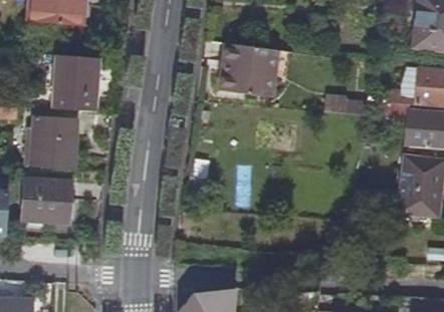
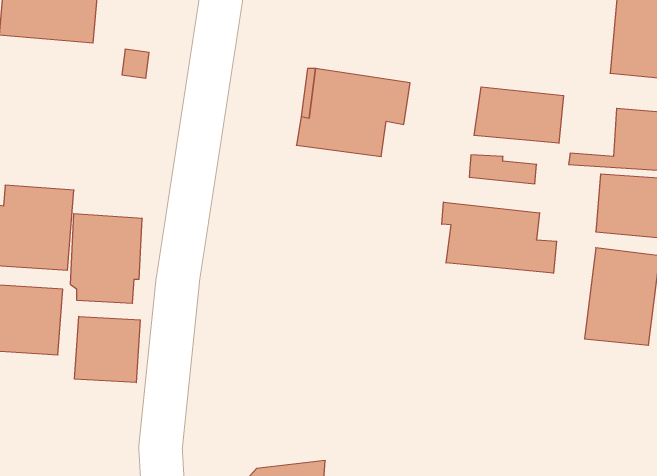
building: none -> [474,87,564,143]
building: [53,55,98,111] -> [70,214,142,303]
building: none -> [442,202,557,273]
building: none -> [75,316,140,383]

